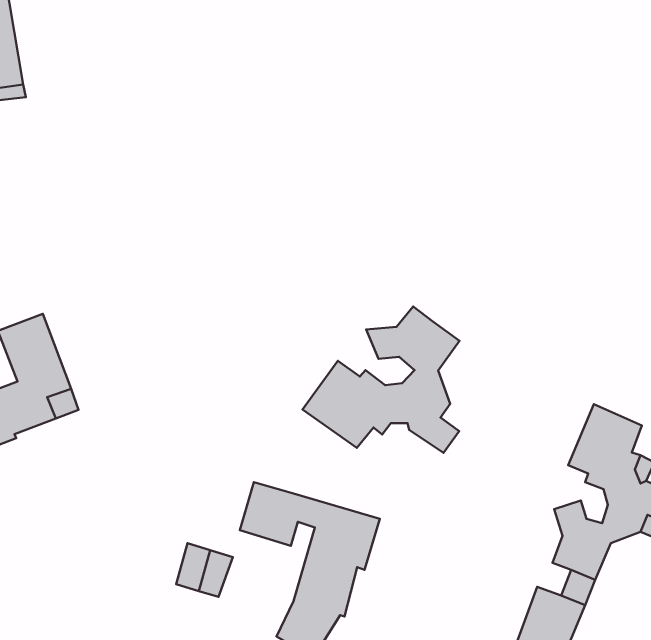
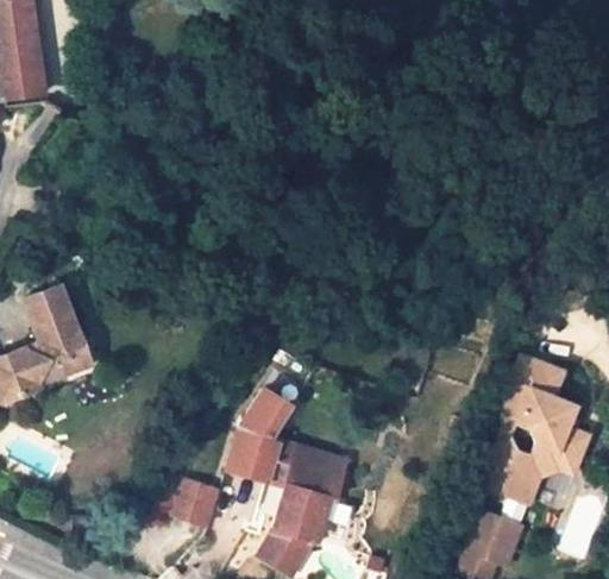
building: [302,307,460,453] -> none
building: none -> [239,399,294,435]

